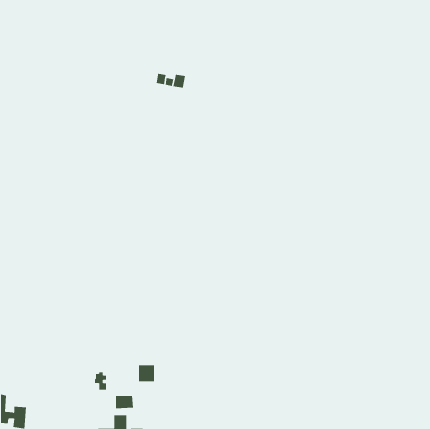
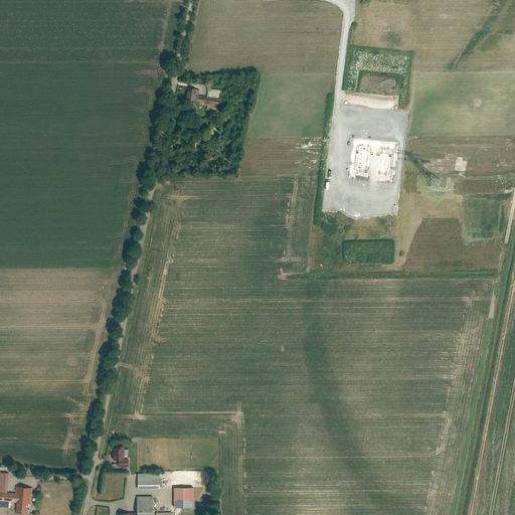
building: [138,365,155,382] -> [173,488,193,508]

